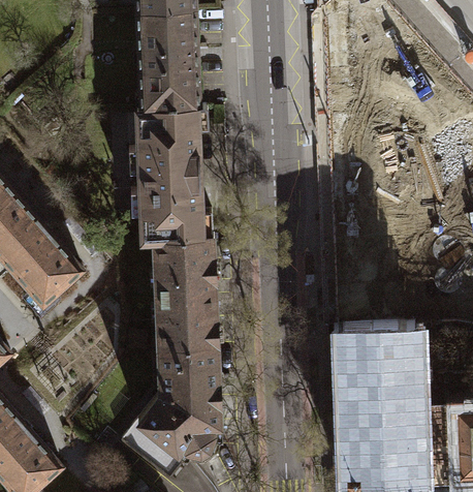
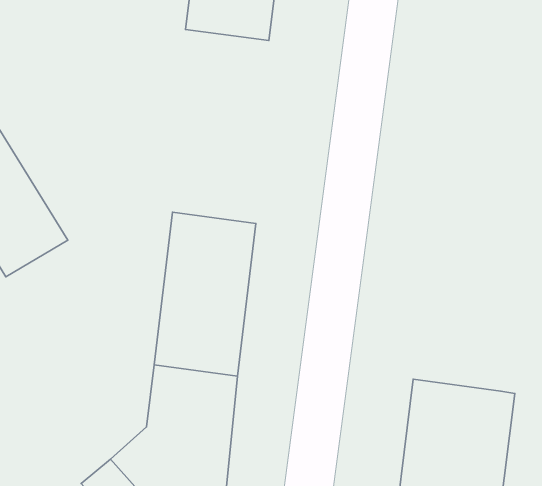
building: [137,109,212,241] -> none

